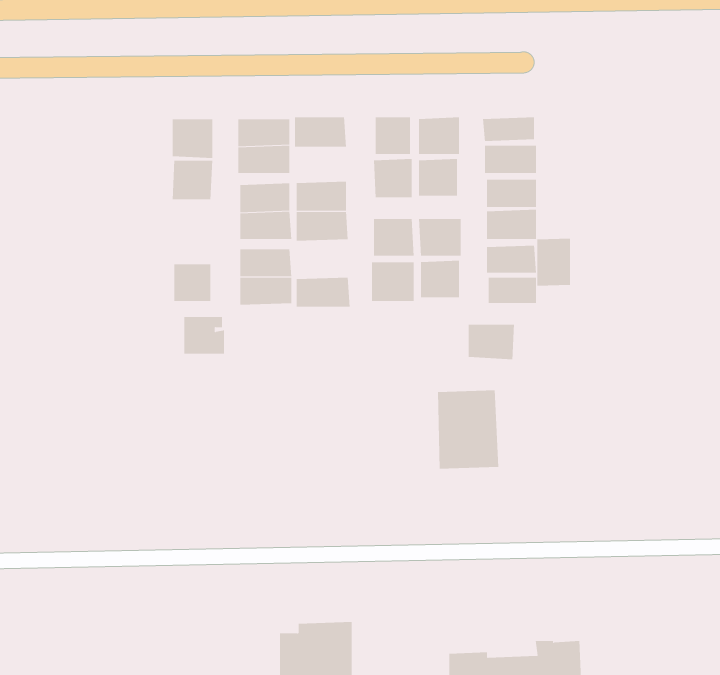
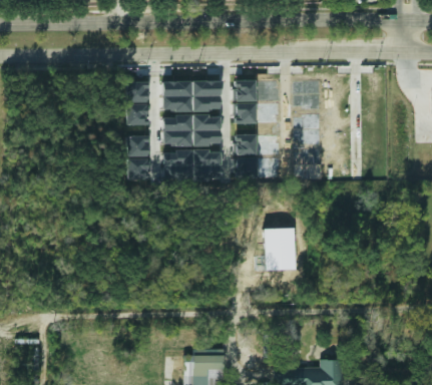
building: none -> [192,96,221,112]
building: [537,238,570,286] -> none
building: none -> [193,150,222,166]
building: [183,317,225,354] -> [128,136,150,156]
building: [468,324,514,360] -> none

